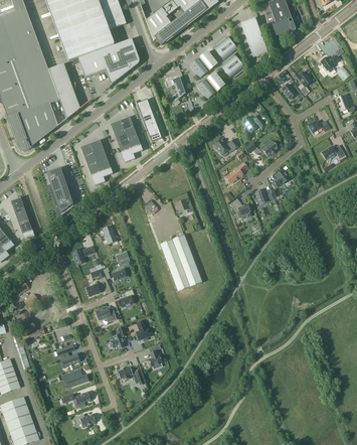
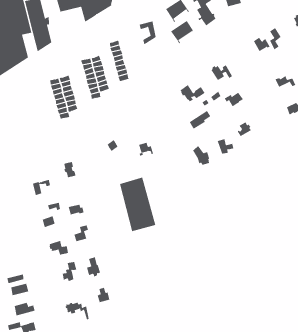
building: [45,167,73,215] -> none

